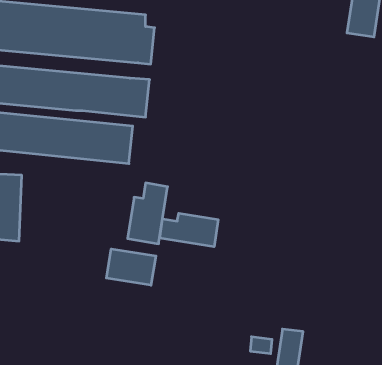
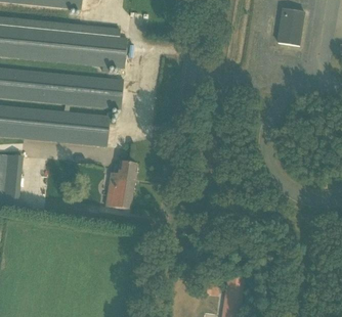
building: [160,213,218,247] -> none
building: [106,249,156,285] -> none

